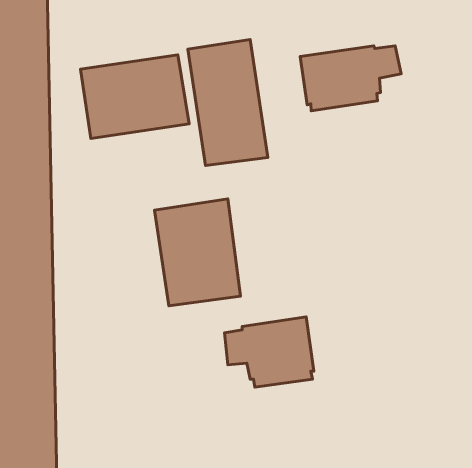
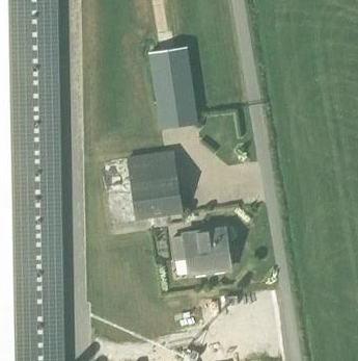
building: [300,46,401,111] -> none
building: [81,55,189,138] -> none

